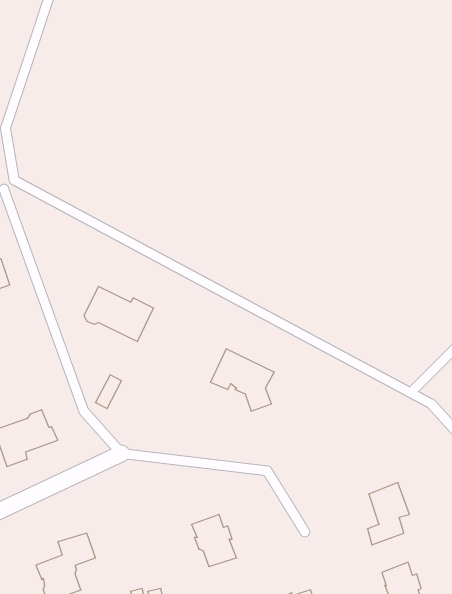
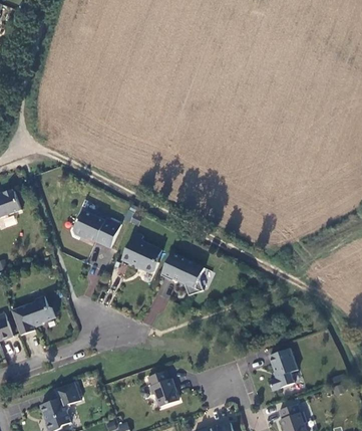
building: none -> [120,233,160,274]

